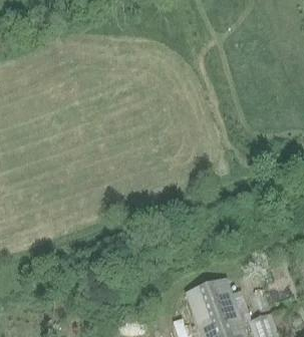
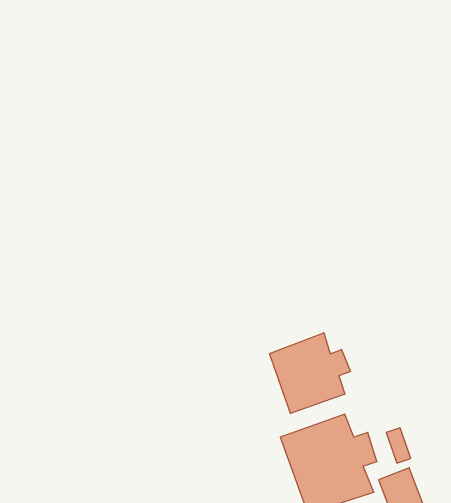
building: none -> [269,333,350,414]

